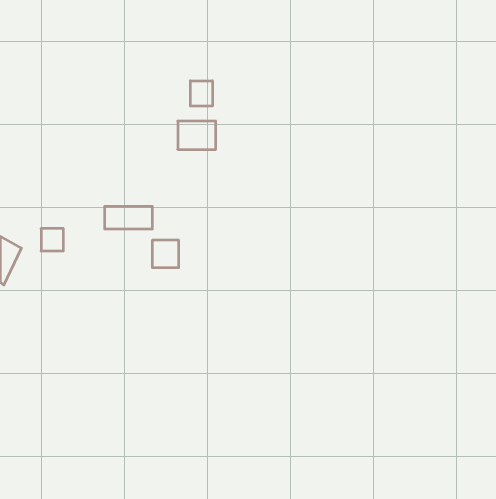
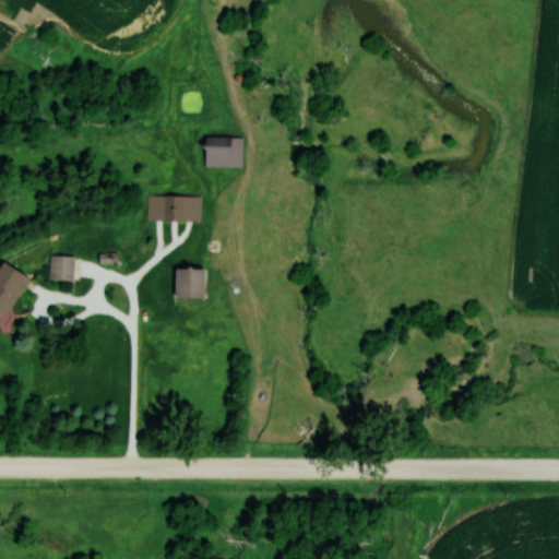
building: [190,81,212,106] -> none
building: [105,206,152,229] -> [148,195,202,221]

